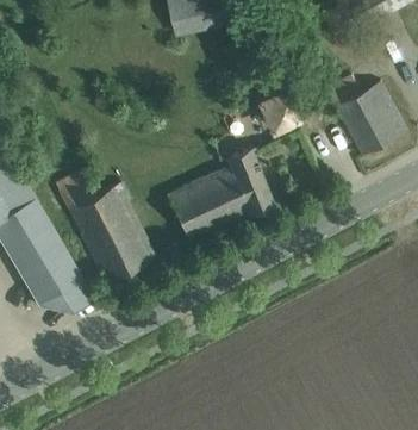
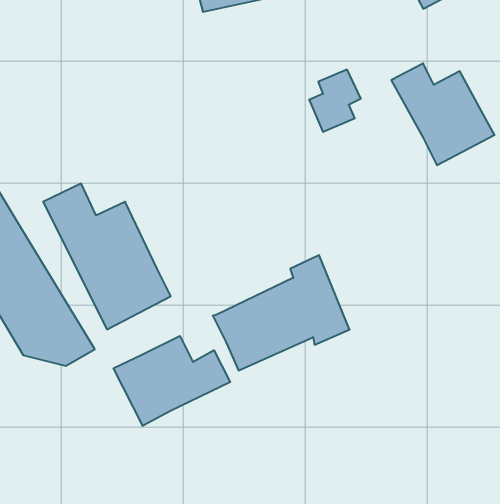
building: [166,148,273,238] -> [213,255,350,371]
building: none -> [113,336,230,426]

